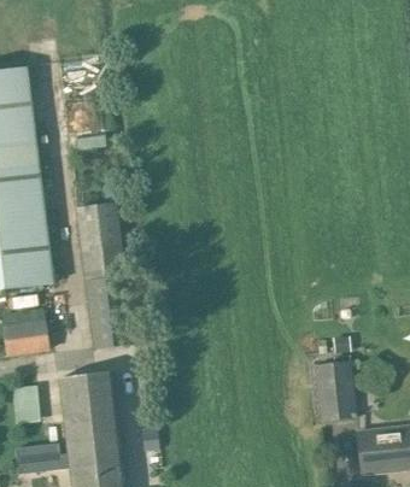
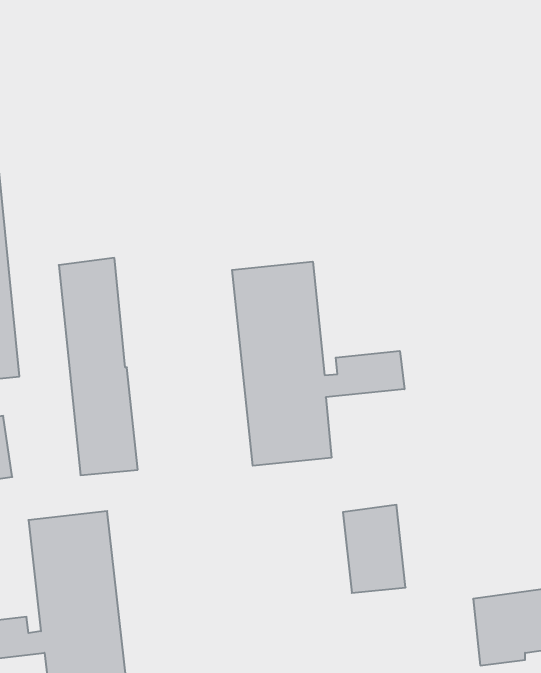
building: none -> [232,262,404,466]
building: [312,362,355,421] -> [343,505,406,593]

